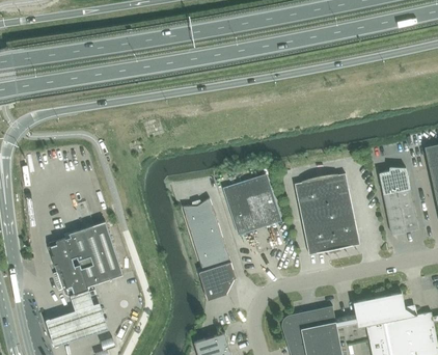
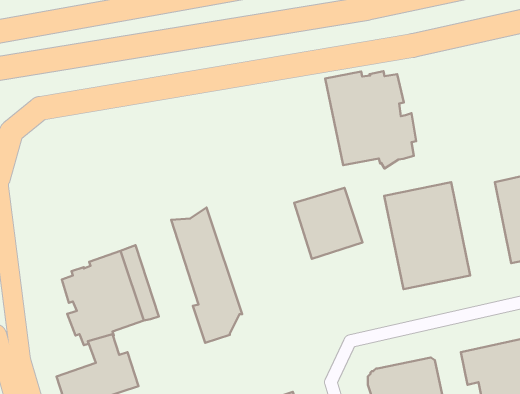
building: none -> [325,71,416,168]
building: [183,197,237,300] -> [171,207,242,343]

